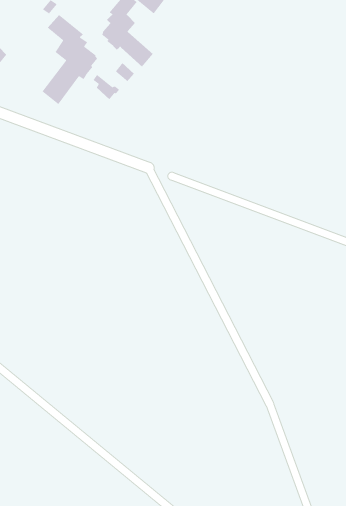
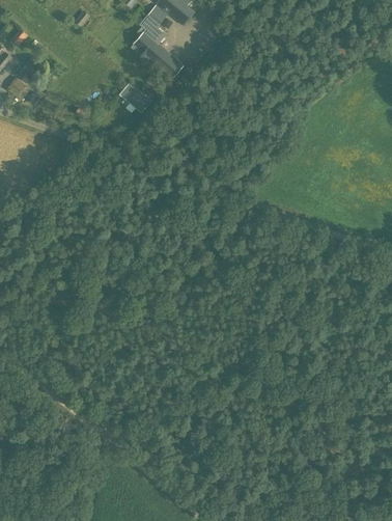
building: [41,14,98,105] -> none

